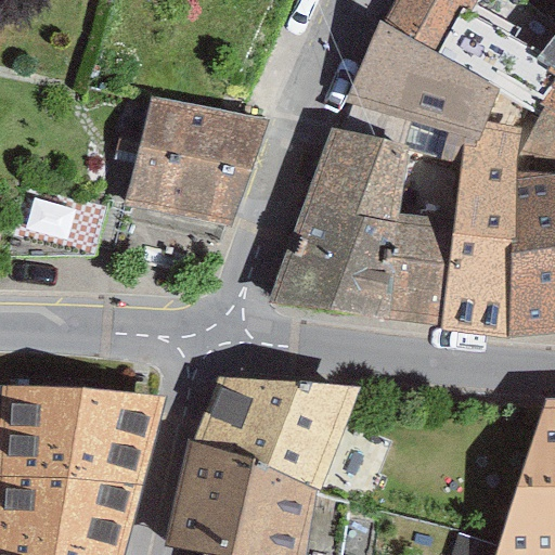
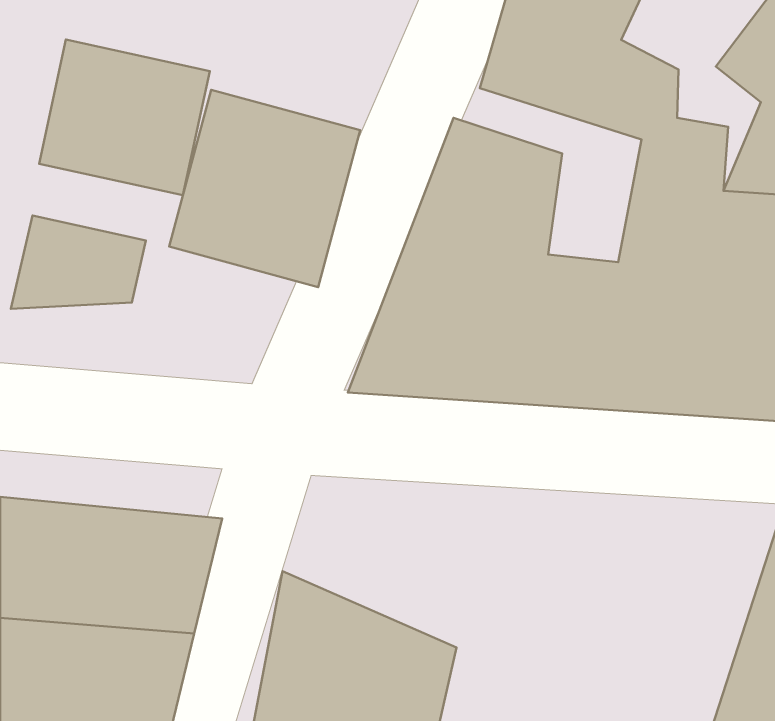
building: none -> [39,39,210,195]
building: [202,374,363,490] -> none

